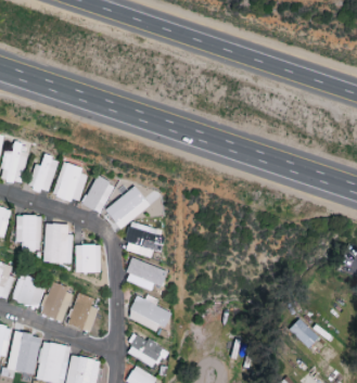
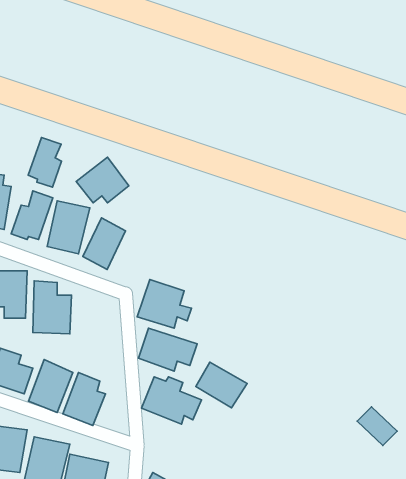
building: none -> [28,138,62,187]
building: [110,182,150,217] -> [76,157,129,203]
building: [76,244,101,272] -> none
building: [125,333,164,368] -> [196,362,247,408]

